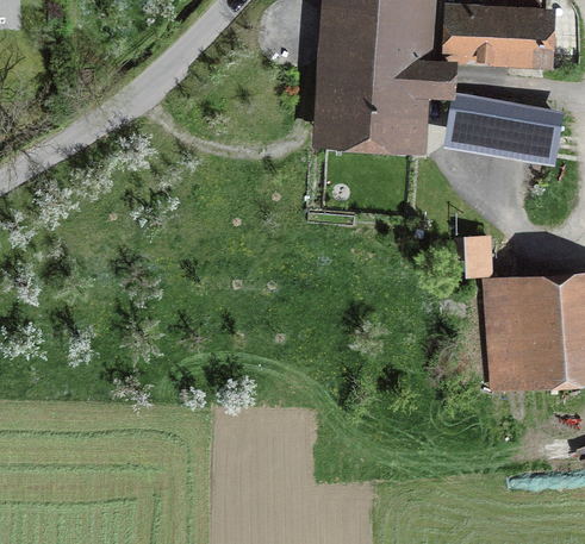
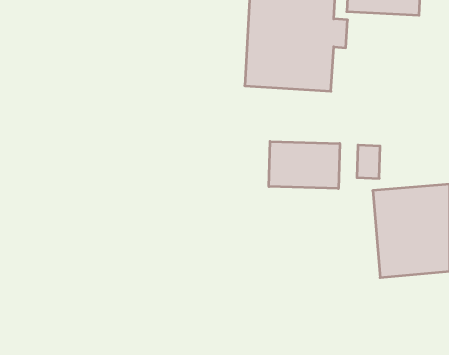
building: [450,93,550,148] -> none
building: none -> [269,141,340,189]

